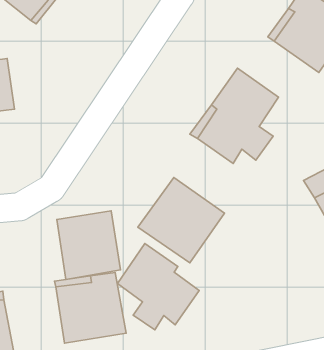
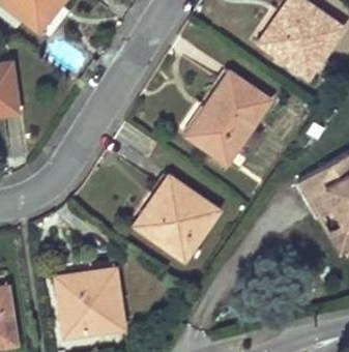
building: [57,211,121,279] -> none
building: [117,244,199,330] -> none

